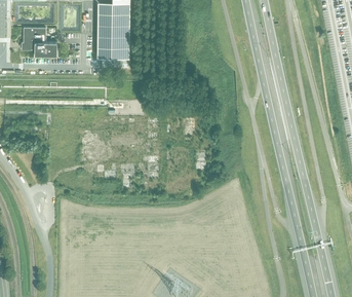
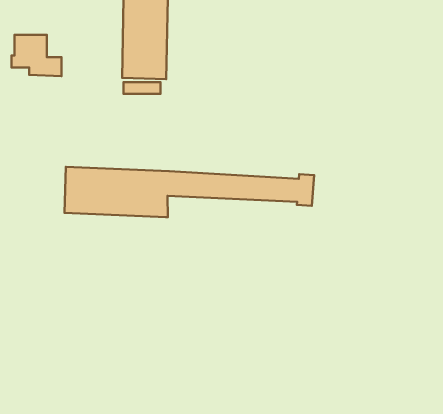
building: none -> [65,167,314,217]

